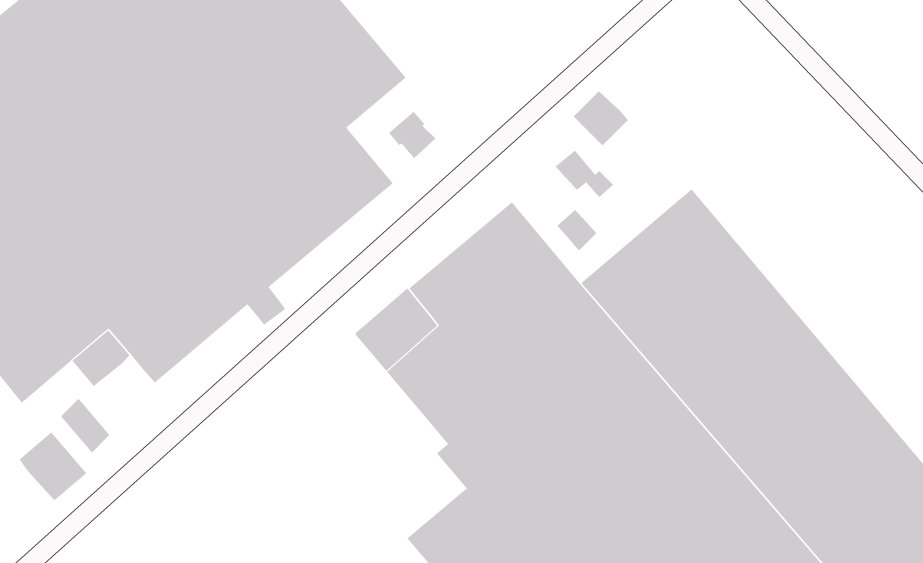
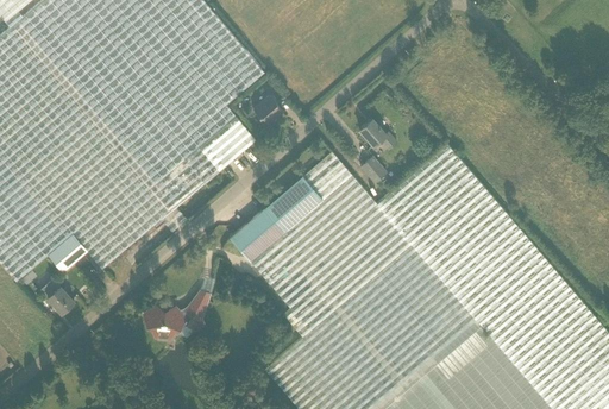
building: [573,91,629,146] -> none
building: none -> [145,291,209,338]
building: [19,432,87,501] -> none

